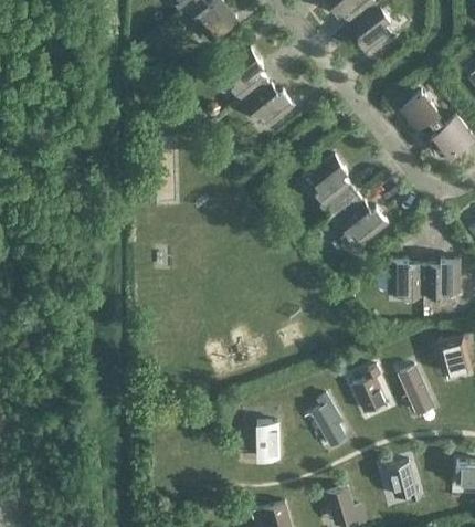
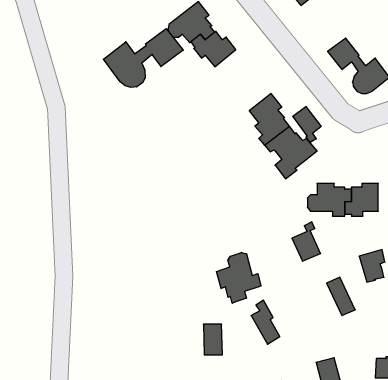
building: none -> [103,29,183,87]
building: none -> [293,106,321,143]
building: none -> [217,252,261,303]
building: [352,367,386,412] -> [292,222,321,261]

